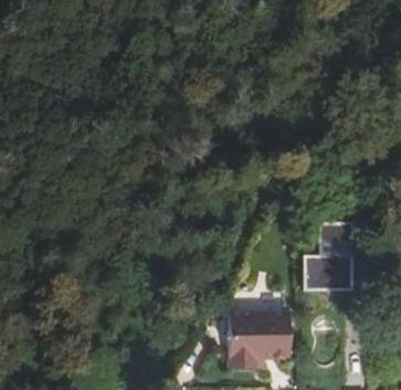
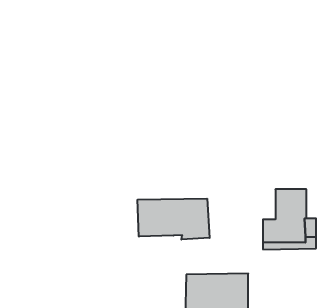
building: none -> [138,199,210,240]

